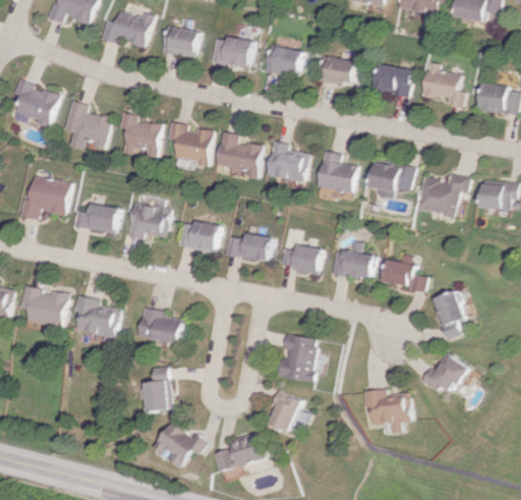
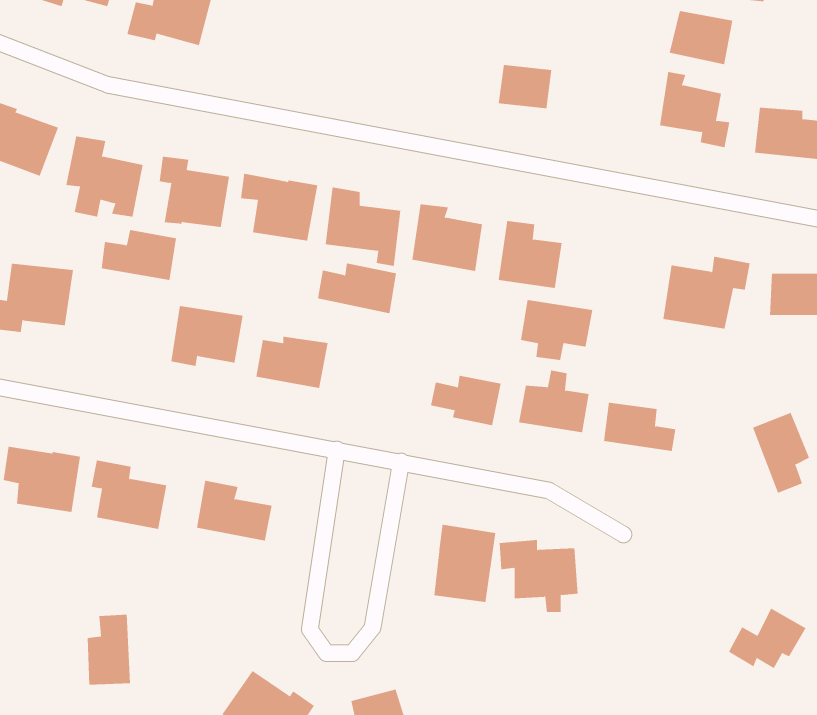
building: [160,27,195,56] -> none
building: [209,38,251,67] -> none
building: [264,48,300,75] -> none
building: [369,64,408,97] -> [669,10,733,65]
building: [372,162,416,199] -> [520,300,593,361]
building: [69,204,115,234] -> [101,230,177,280]
building: [225,232,273,263] -> [317,263,397,314]
building: [432,290,467,339] -> [752,412,810,494]
building: [425,355,472,392] -> [728,608,806,669]
building: [147,369,173,411] -> [87,614,131,685]
building: [366,389,414,433] -> [499,539,578,612]
building: [272,391,303,432] -> none

